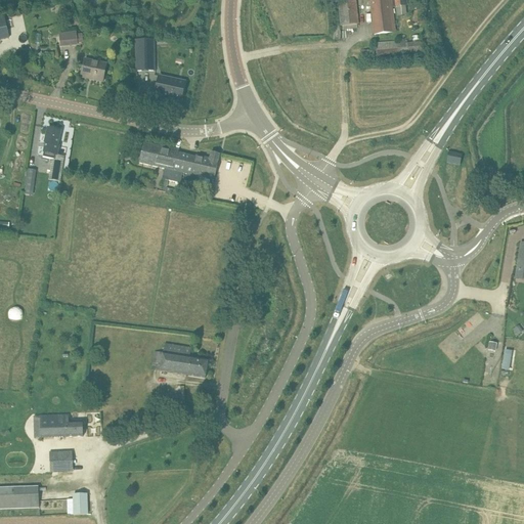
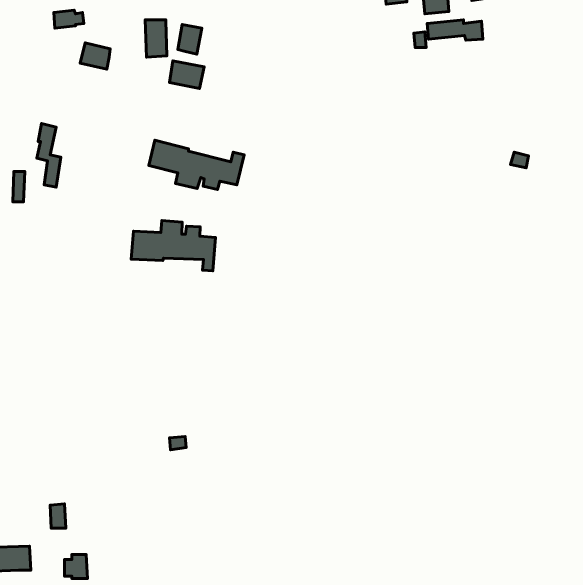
building: none -> [178,25,202,54]
building: none -> [131,221,216,271]
building: [160,342,207,377] -> none
building: [33,411,82,436] -> none

